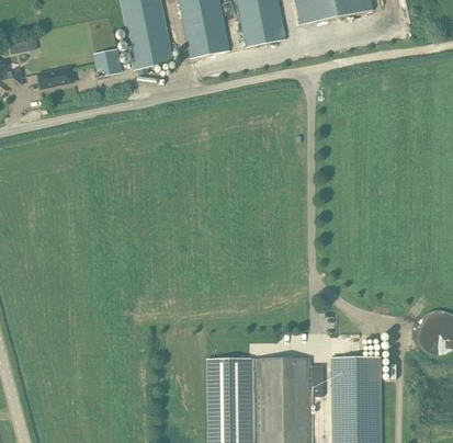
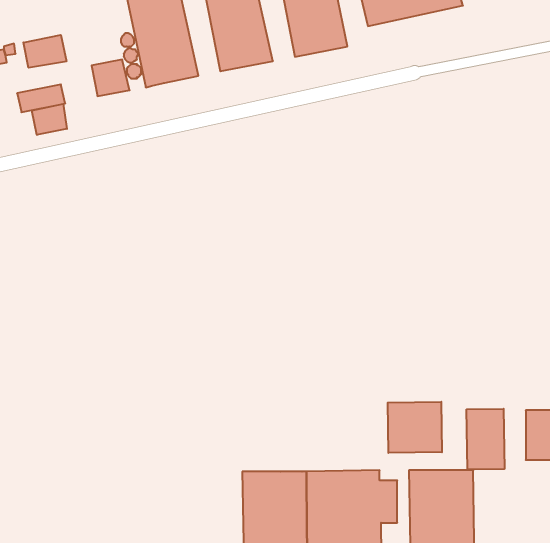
building: none -> [23,35,66,68]
building: none -> [32,104,67,135]
building: none -> [388,402,442,453]
building: none -> [467,409,504,470]

